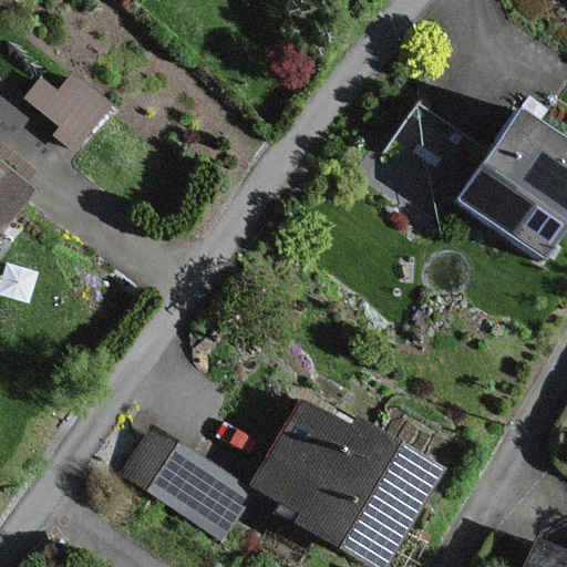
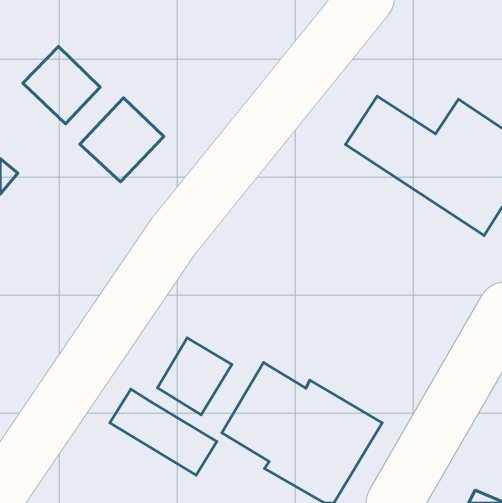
building: none -> [80,98,164,182]
building: none -> [158,338,232,415]

